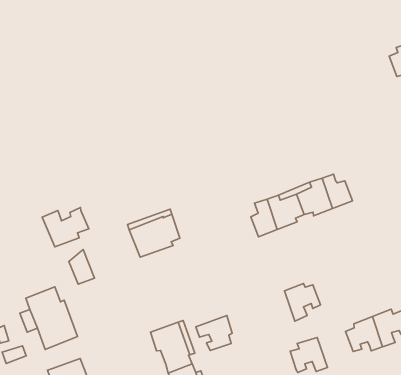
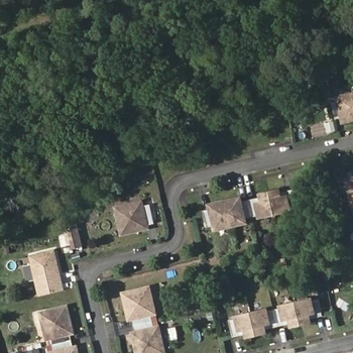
building: [42,207,89,247] -> none
building: [285,283,320,321] -> [249,309,275,337]
building: [196,315,232,350] -> none

